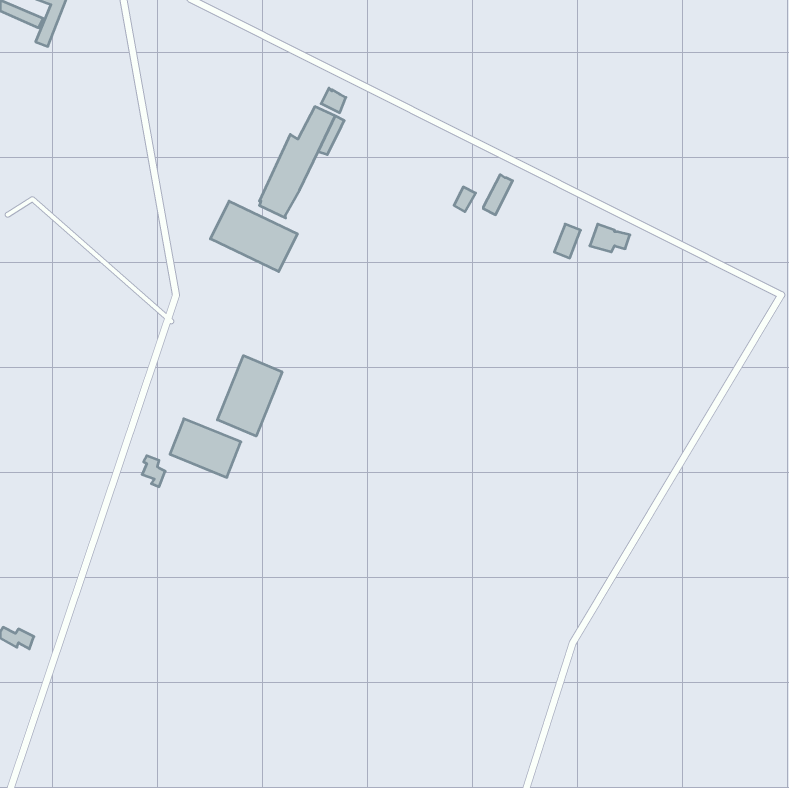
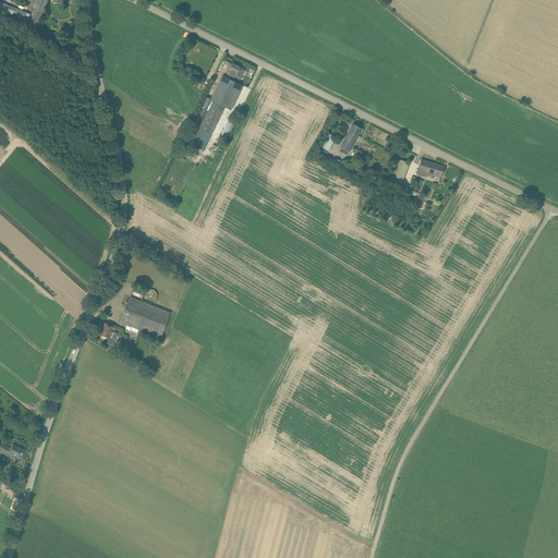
building: [210,201,297,272] -> none
building: [217,356,282,436] -> none

